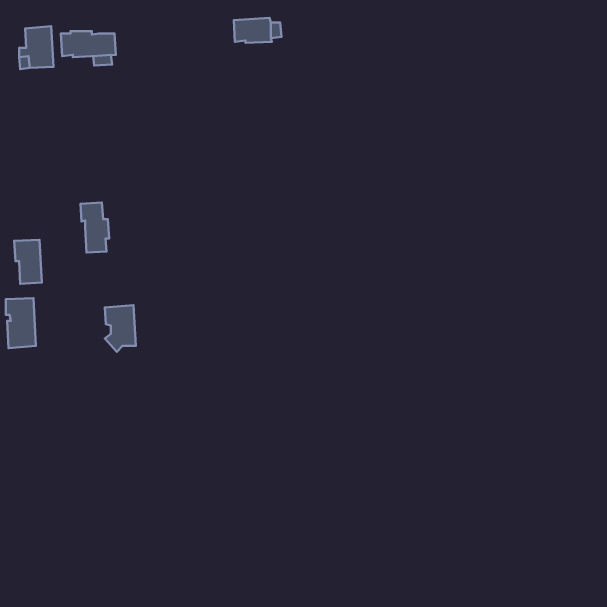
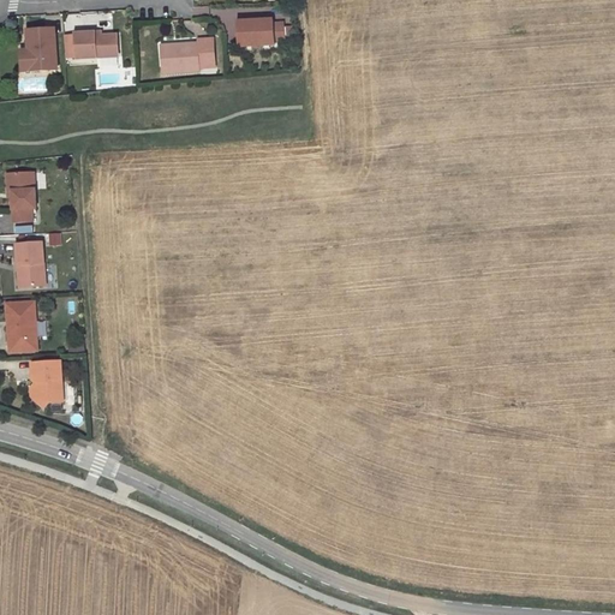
building: none -> [160,36,214,71]
building: [80,203,109,253] -> [5,171,34,221]
building: [105,305,136,352] -> [30,359,61,406]

